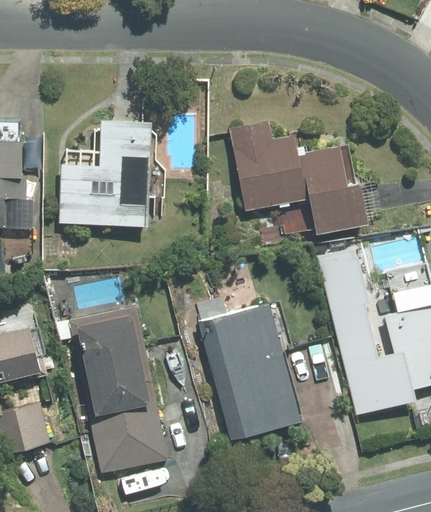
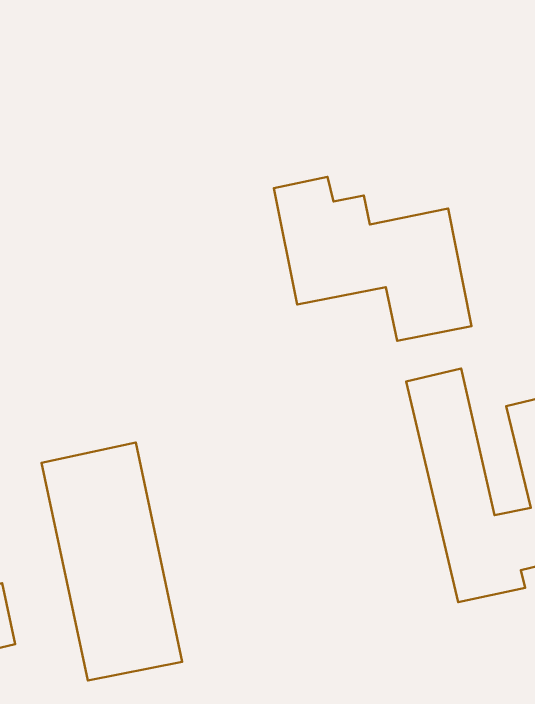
building: [58,122,151,227] -> none
building: [199,301,299,441] -> none

